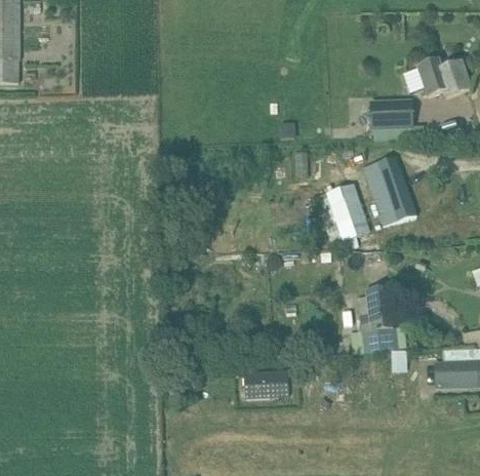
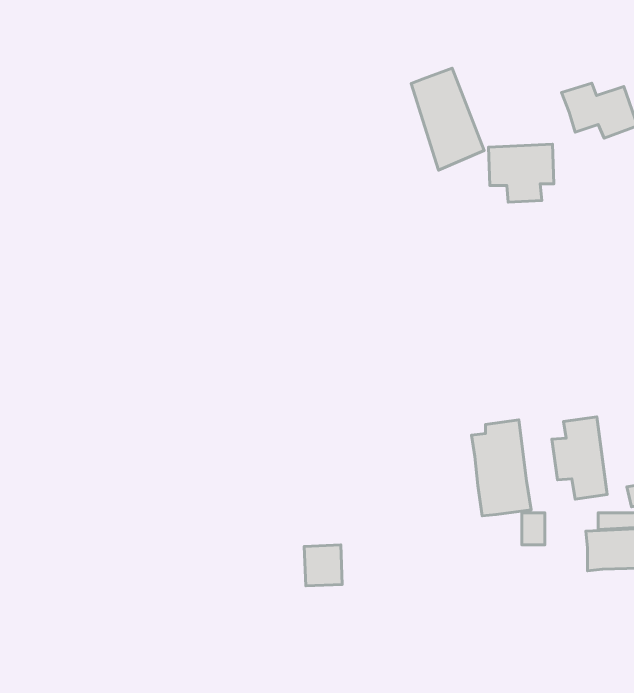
building: [365,156,414,225] -> [411,68,484,170]
building: [317,184,370,244] -> none
building: none -> [552,417,607,499]

